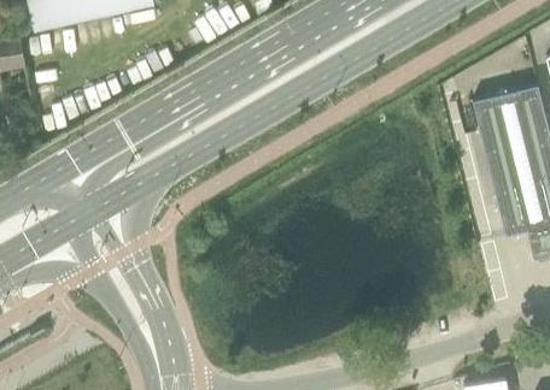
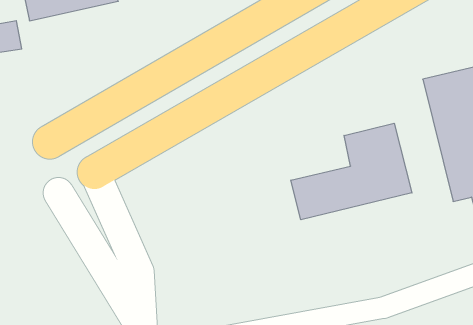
building: none -> [291,123,412,220]

